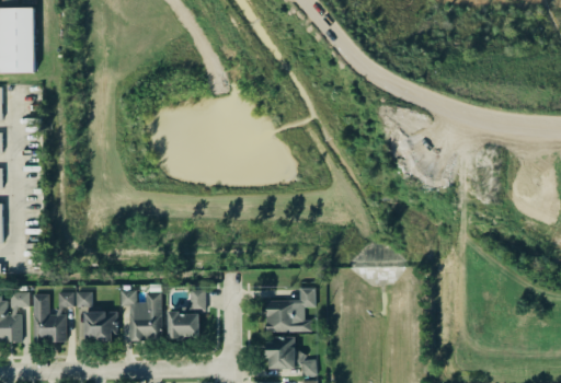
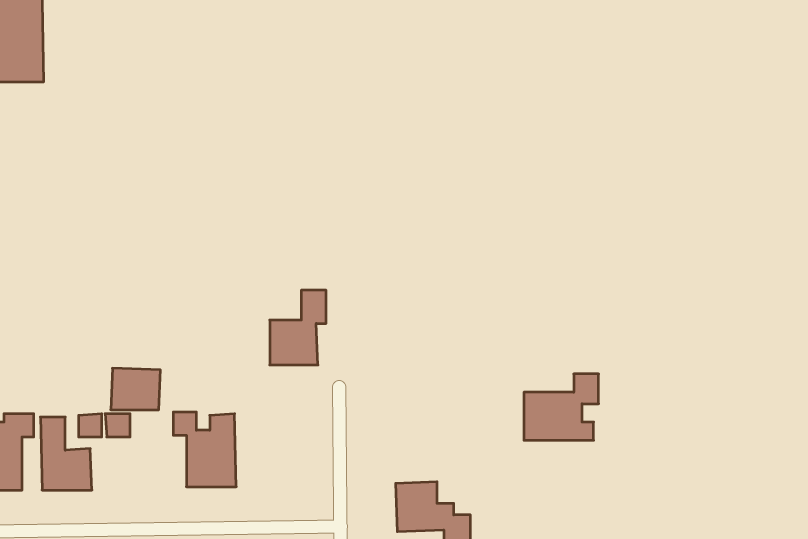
building: [266,288,316,332] -> [524,374,599,440]
building: [169,289,206,338] -> [270,290,326,365]
building: [84,311,117,338] -> [111,368,160,410]

